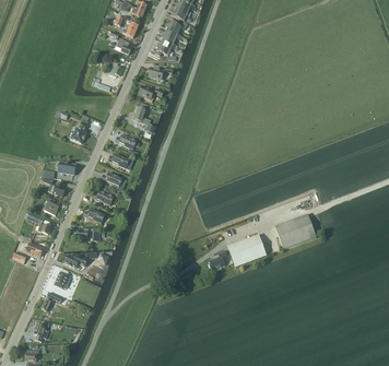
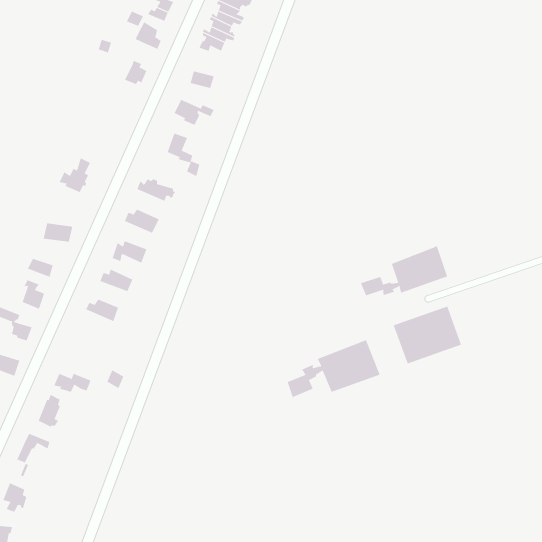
building: none -> [360,246,448,296]

